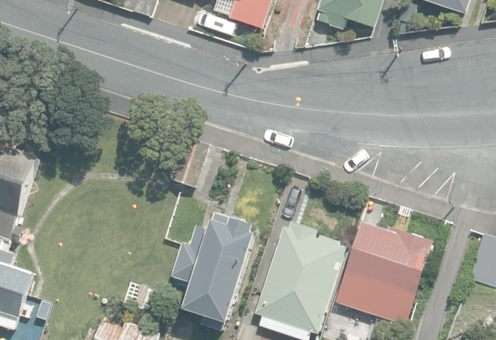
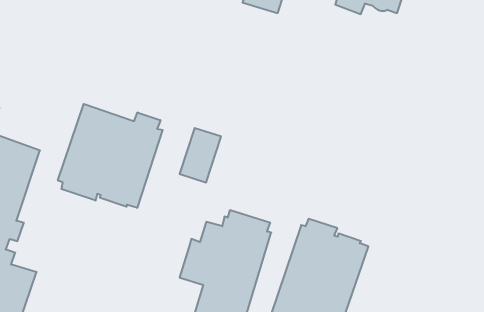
building: none -> [58,104,163,208]
building: [343,222,432,298] -> none

